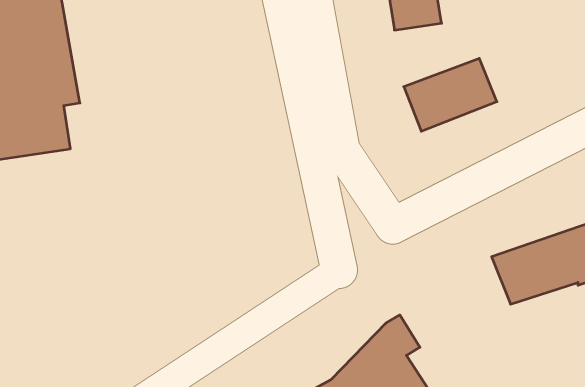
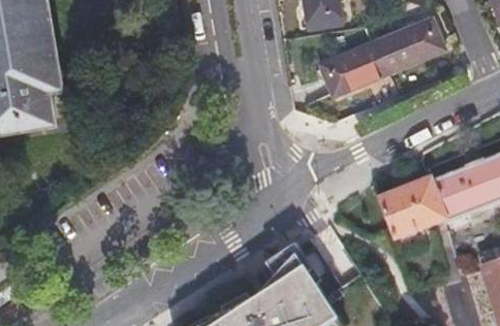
building: none -> [368,28,438,83]

